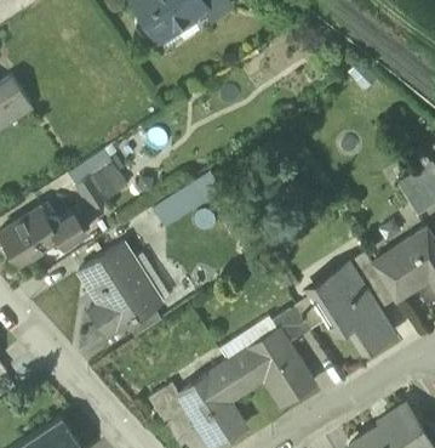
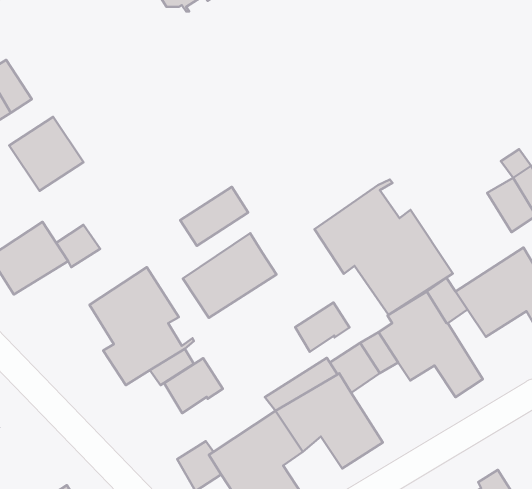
building: [68,149,127,209] -> [9,117,83,191]
building: none -> [314,179,453,315]
building: none -> [183,233,277,318]
building: none -> [295,302,350,352]
building: none -> [164,358,223,413]

